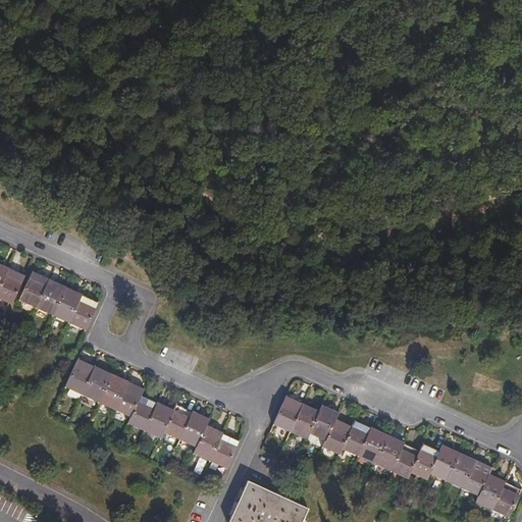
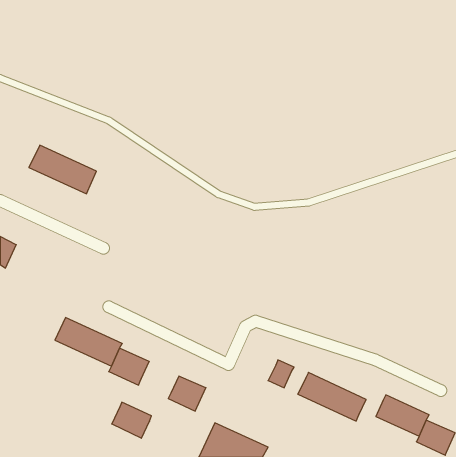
building: [19,273,96,328] -> [29,145,96,194]
building: [274,399,317,437] -> none
building: [164,405,209,446] -> [112,402,151,438]
building: [323,421,351,453] -> none
building: [411,447,438,477] -> none

